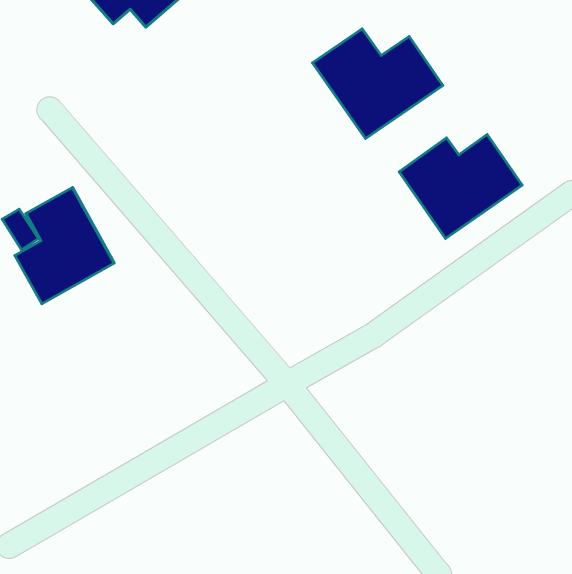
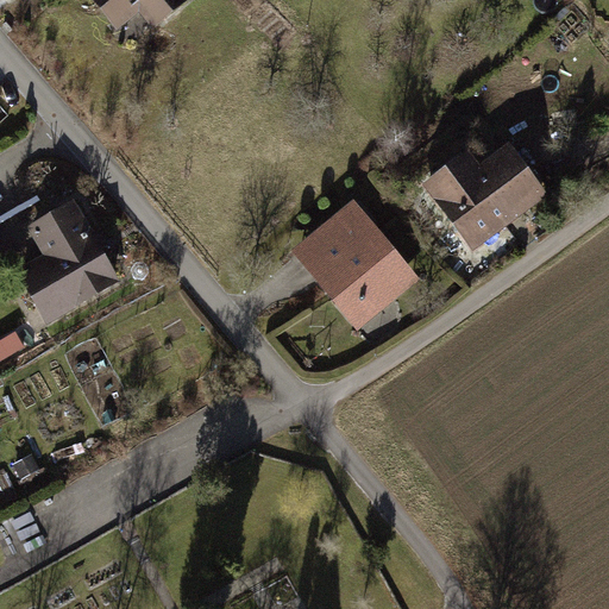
building: [313,29,443,138] -> none
building: none -> [290,199,419,328]

